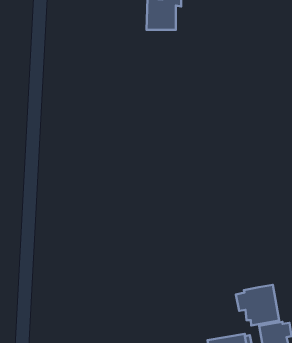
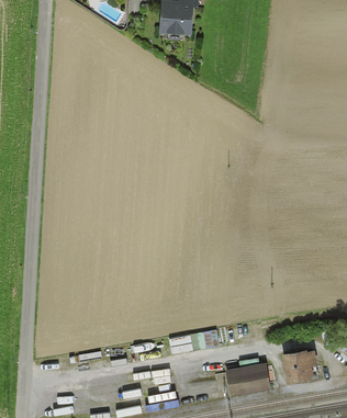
building: [236,285,279,325] -> none

